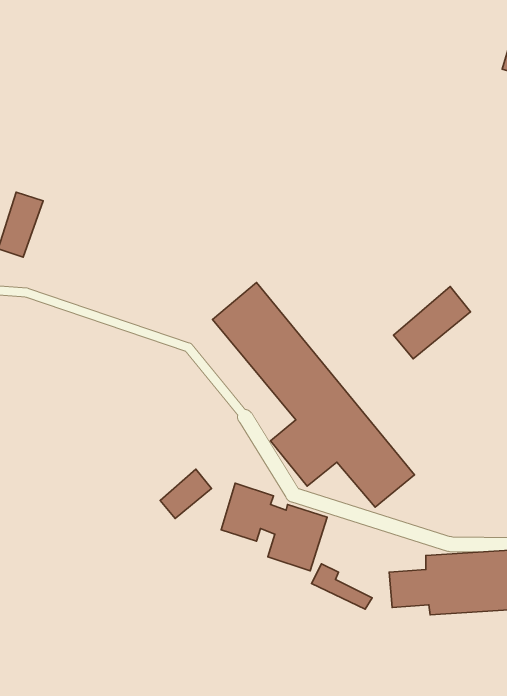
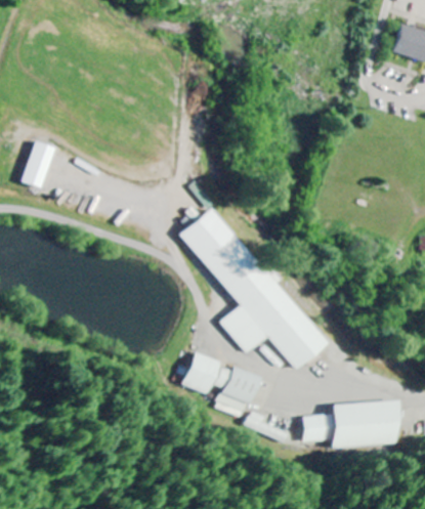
building: [393,286,471,359] -> none
building: [160,469,212,518] -> none

